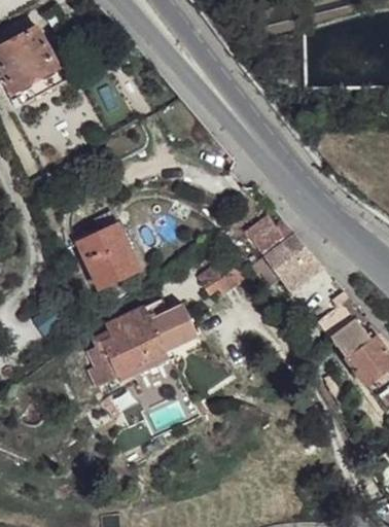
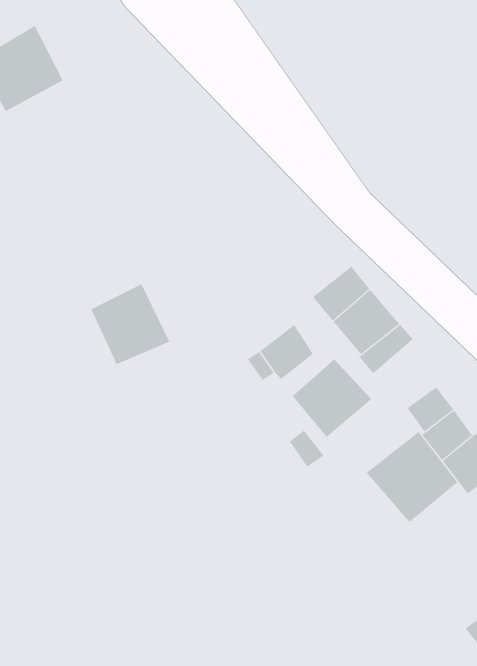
building: none -> [292,358,372,438]
building: [85,304,197,385] -> none
building: none -> [366,431,458,523]

